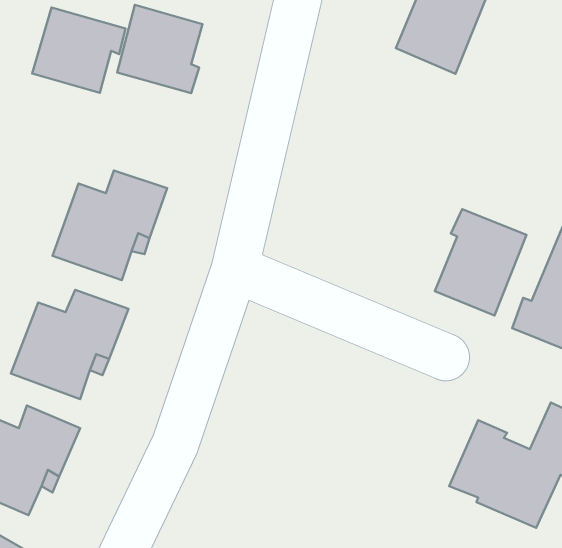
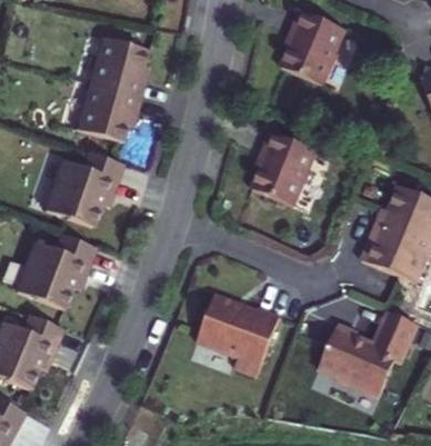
building: [32,8,126,93] -> [76,82,140,141]
building: [435,209,527,315] -> [252,131,315,205]
building: none -> [197,293,279,376]

